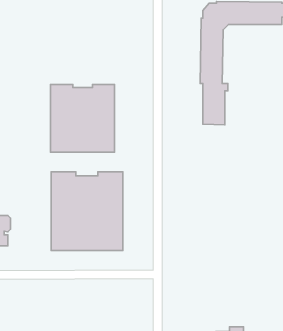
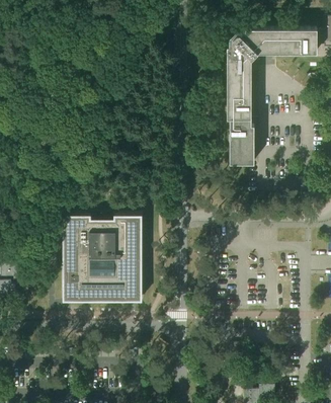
building: [51,84,115,152] -> none

